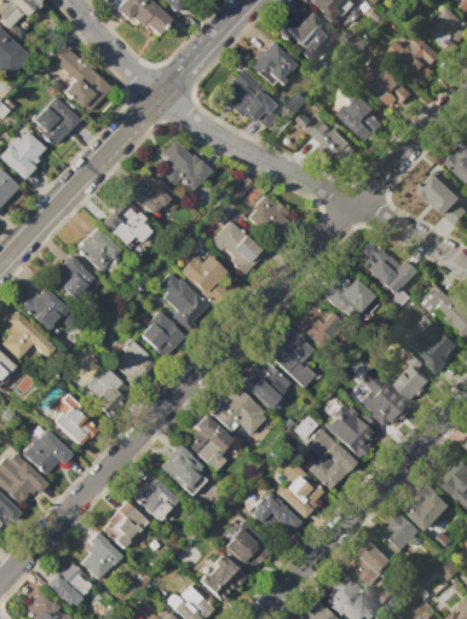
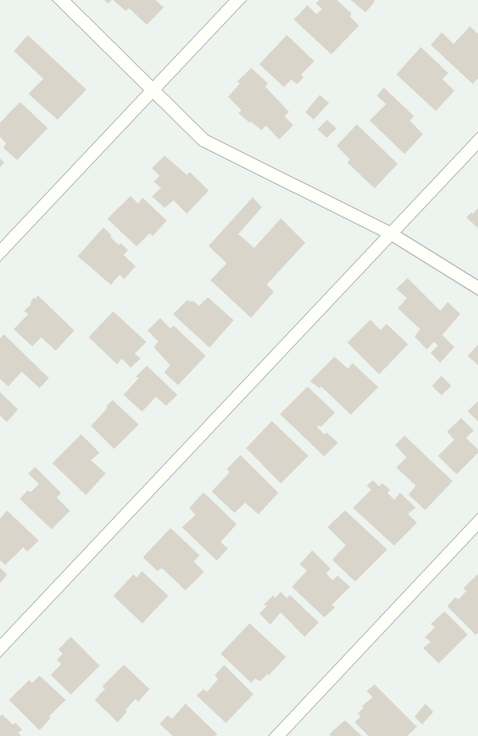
building: [76,228,125,276] -> [88,311,147,369]
building: [100,502,146,550] -> [94,664,150,724]
building: [353,542,392,588] -> none

